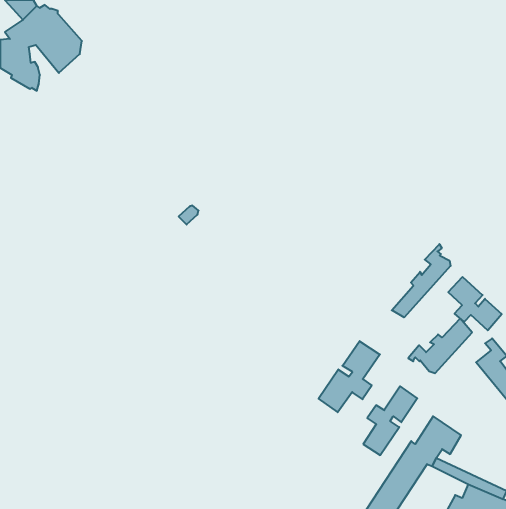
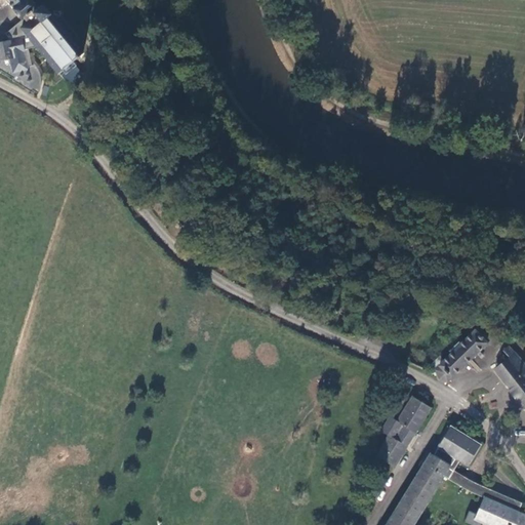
building: [392,244,451,317] -> none
building: [448,277,502,330] -> none
building: [319,341,380,412] -> none

